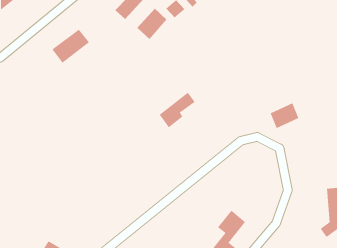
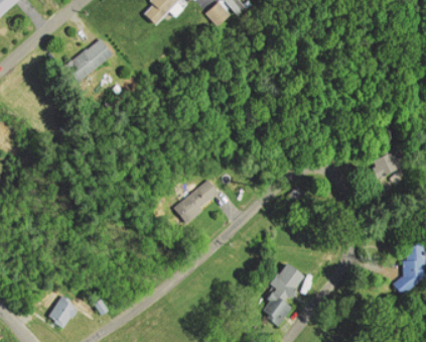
building: [136,8,167,40] -> none
building: [159,92,196,128] -> [172,181,218,225]
building: [270,102,299,129] -> [373,148,409,181]

